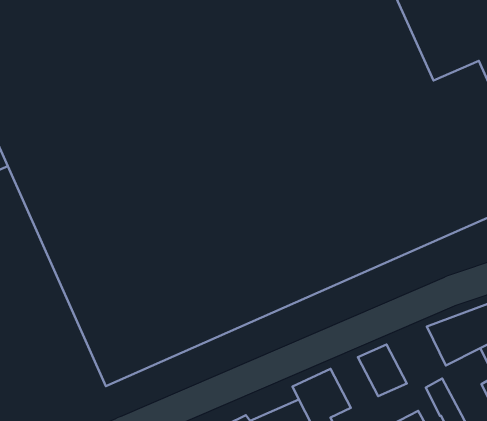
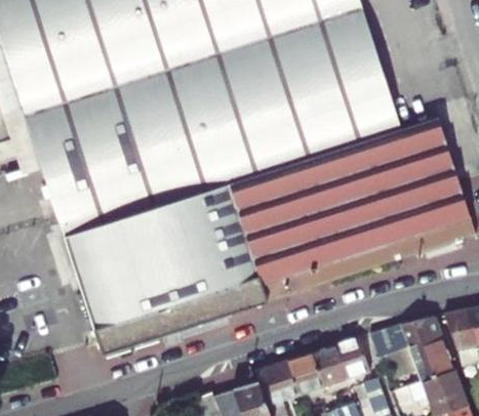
building: none -> [335,335,370,376]
building: none -> [287,350,324,391]

